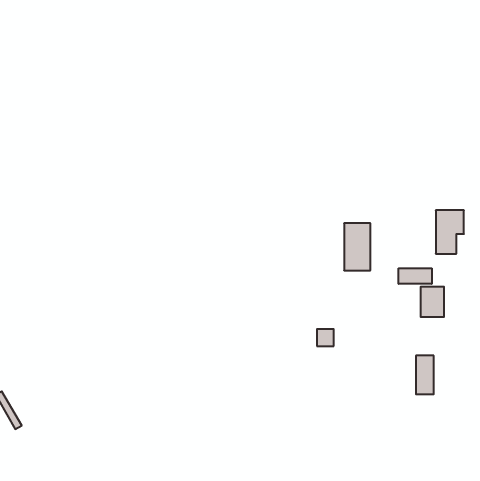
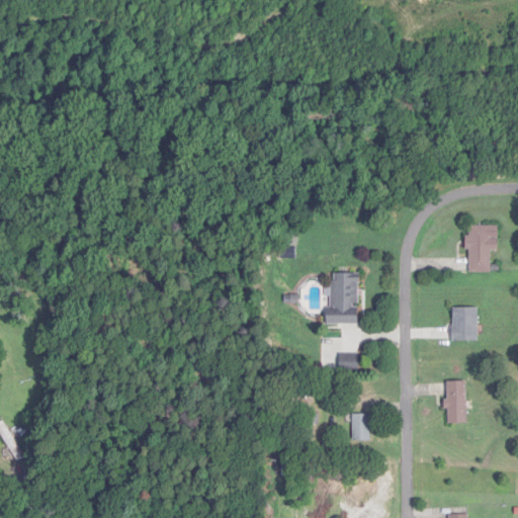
building: [344,223,370,270] -> [329,273,357,324]
building: [399,268,432,284] -> none
building: none -> [353,414,369,440]

